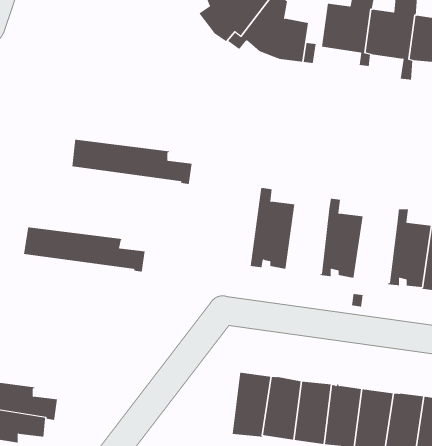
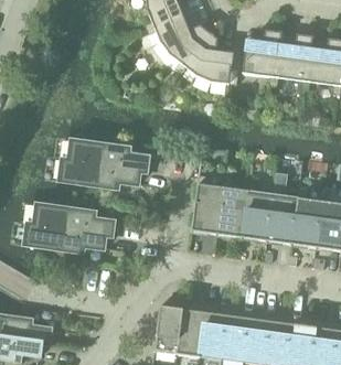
building: none -> [51,158,140,189]
building: none -> [216,178,248,237]
building: none -> [266,186,298,244]
building: none -> [17,222,106,253]
building: none -> [154,304,183,354]

